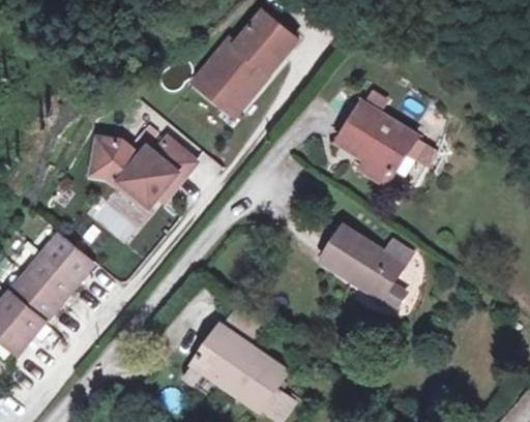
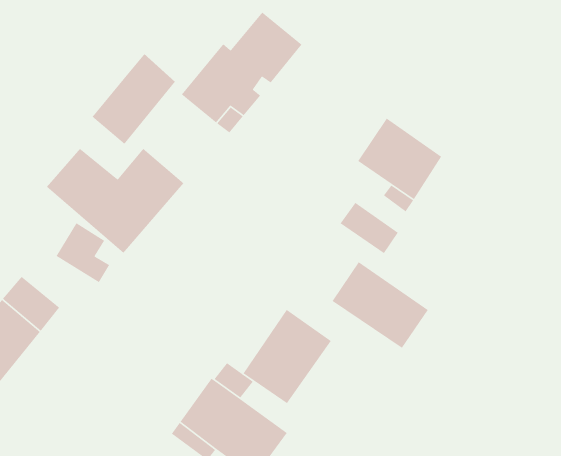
building: none -> [92,53,176,145]
building: none -> [339,202,399,254]
building: none -> [242,309,332,404]

